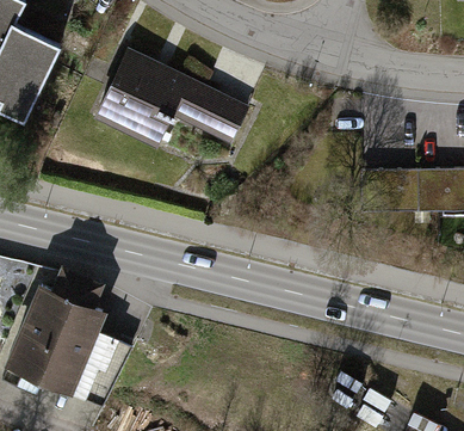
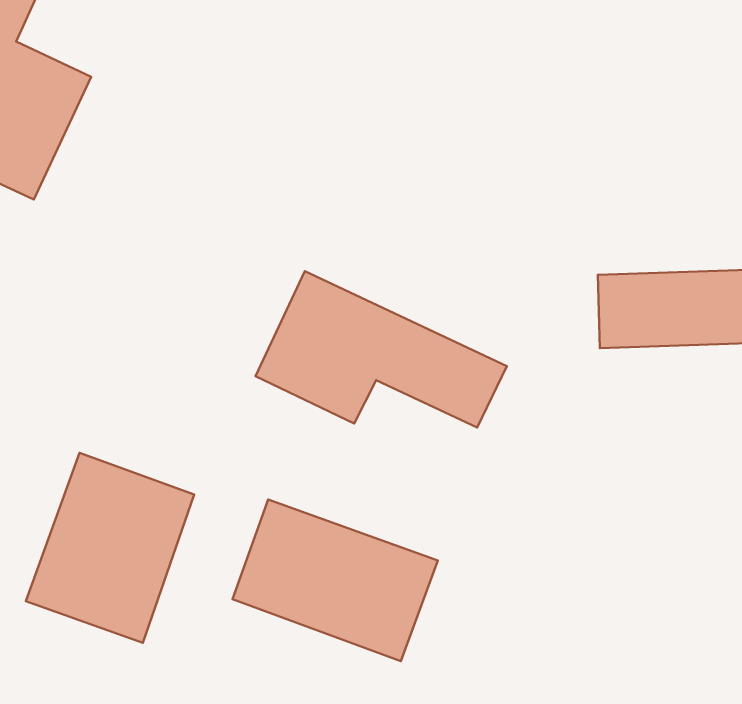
building: [98,47,249,141] -> [255,271,507,428]
building: none -> [233,499,438,661]

